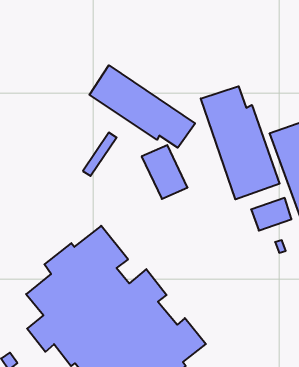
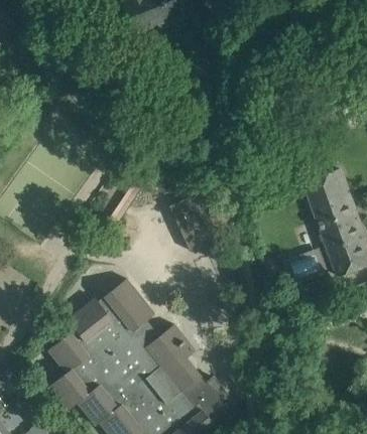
building: [89,65,195,148] -> none
building: [201,86,280,199] -> none

